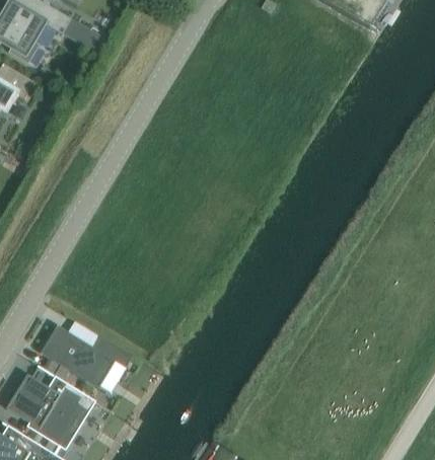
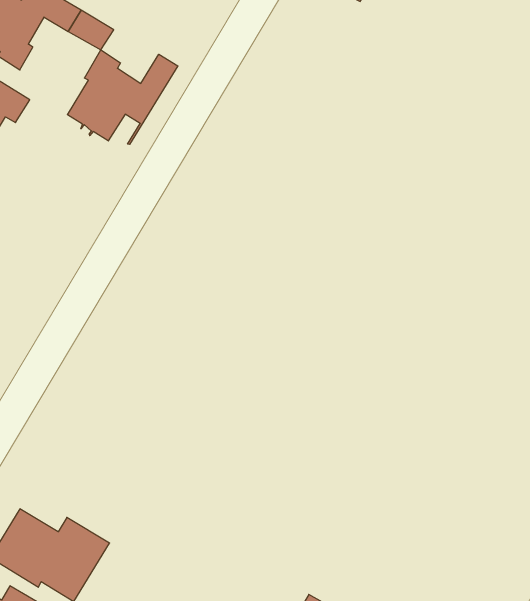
building: none -> [67,50,178,144]
building: [40,325,132,389] -> none

